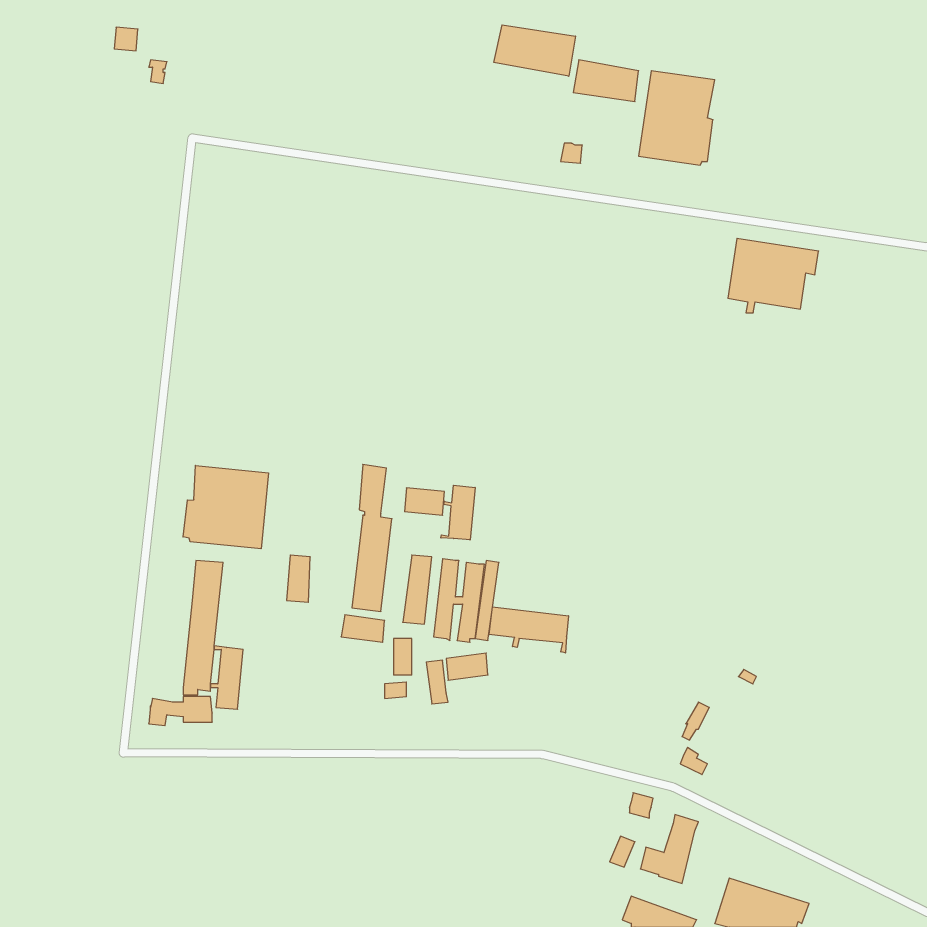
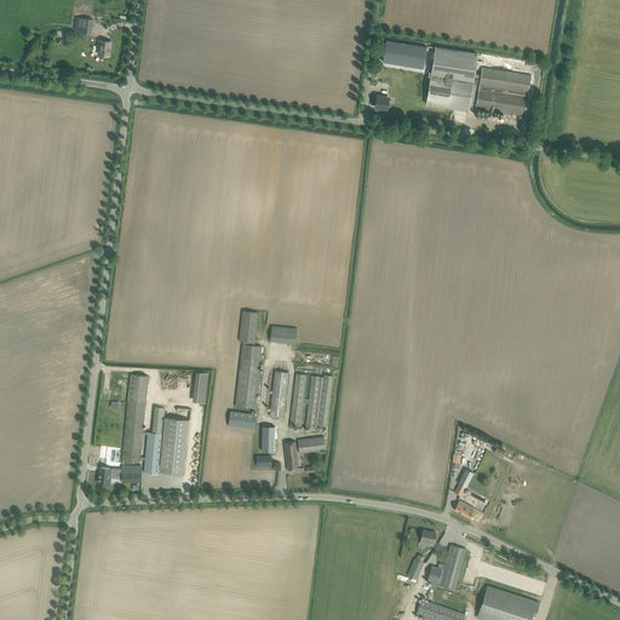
building: [494,25,575,76] -> none
building: [728,238,819,313] -> [476,68,536,117]
building: [183,465,268,549] -> none
building: [441,485,475,540] -> none
building: [489,607,568,653] -> none
building: none -> [160,418,189,475]

